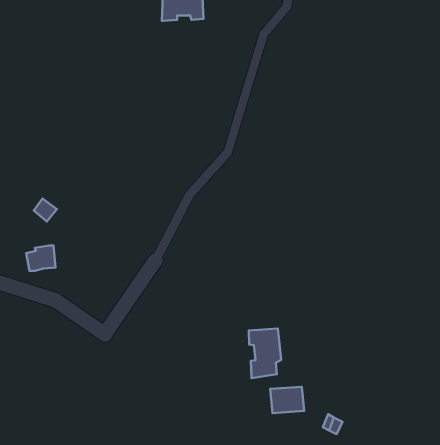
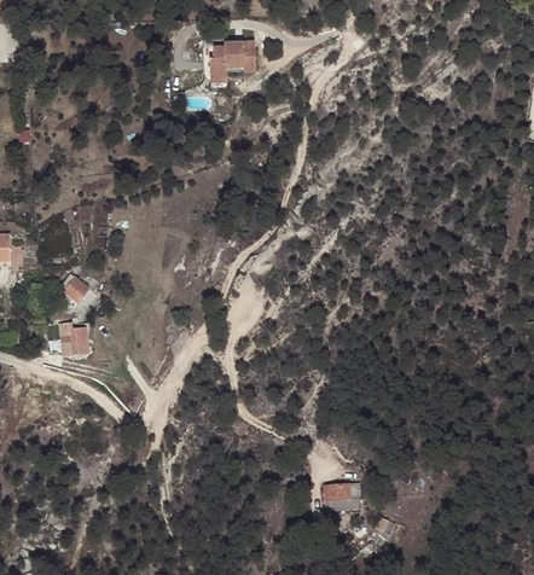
building: [249,329,281,378] -> none

